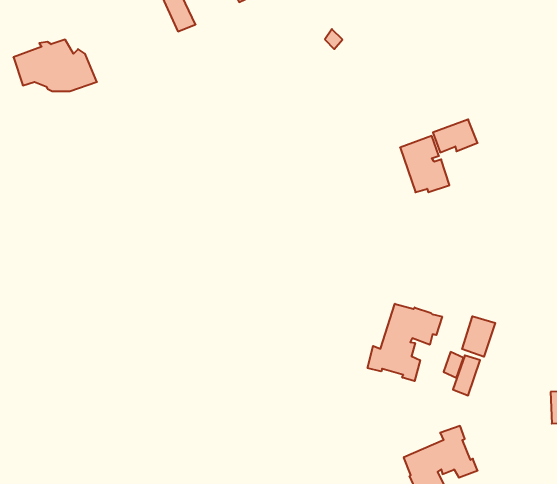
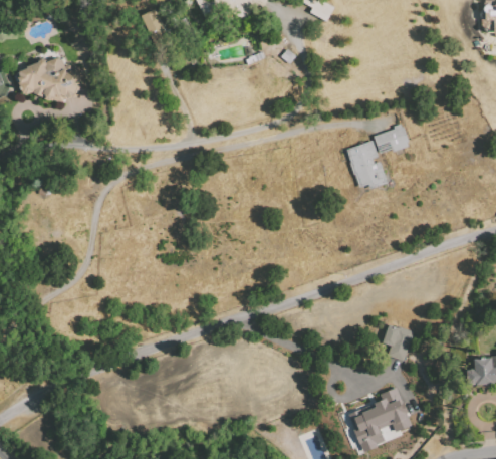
building: [368,304,442,381] -> none
building: [462,316,495,357] -> none

